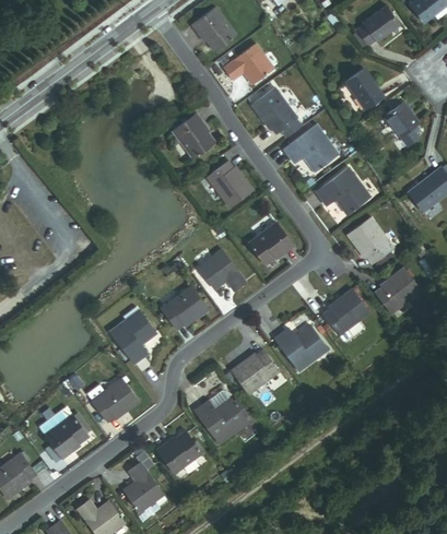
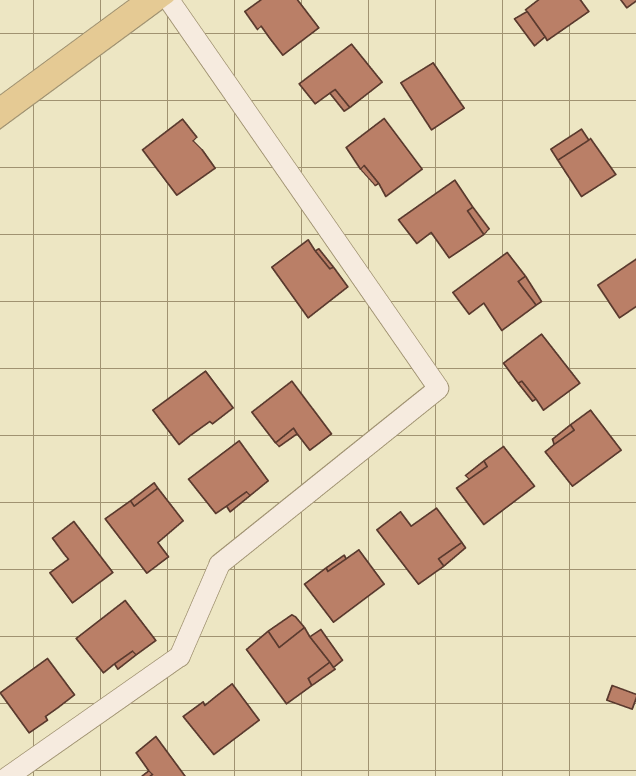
building: [344,67,383,107] -> [401,63,464,130]
building: [174,115,217,161] -> [143,119,215,195]
building: [248,219,294,262] -> none
building: none -> [153,371,233,445]
building: none -> [50,522,113,603]

